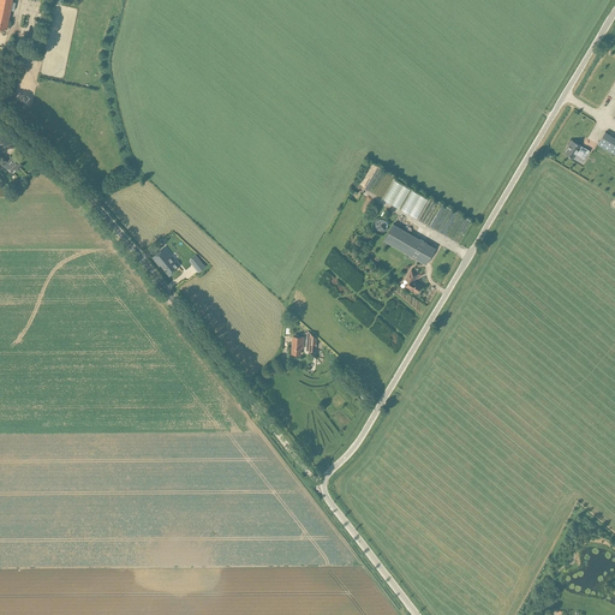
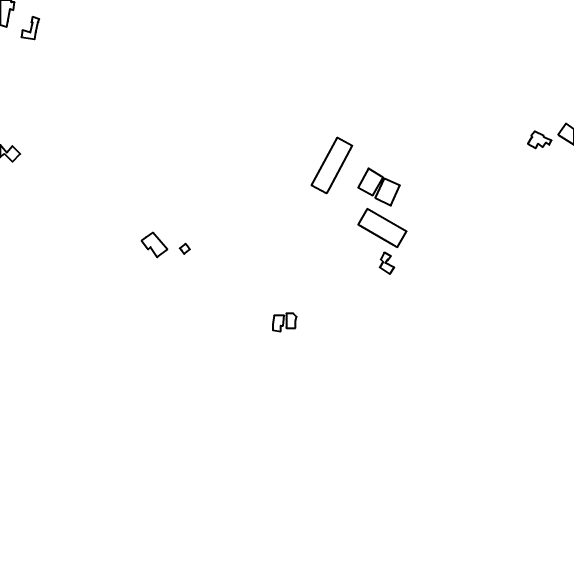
building: none -> [312,138,352,193]

